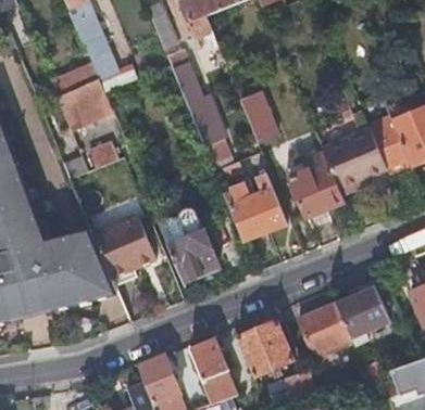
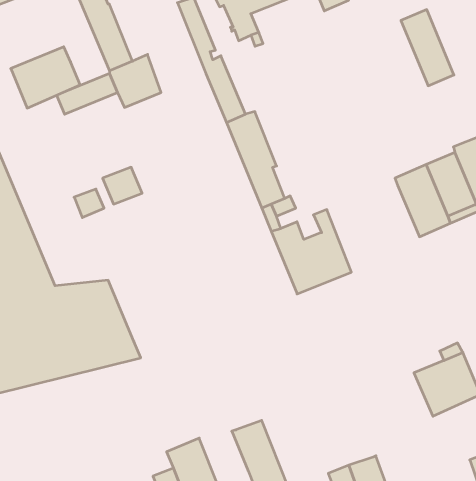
building: [57,79,112,128] -> [11,47,80,108]
building: [235,80,277,141] -> [401,10,454,86]
building: [285,153,343,217] -> none
building: [159,204,220,282] -> none
building: [91,210,157,278] -> none
building: [298,303,351,354] -> none
building: [236,319,292,376] -> none

